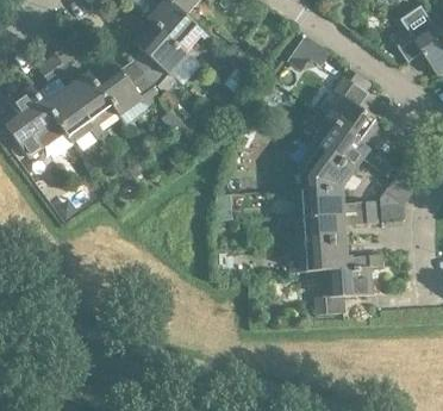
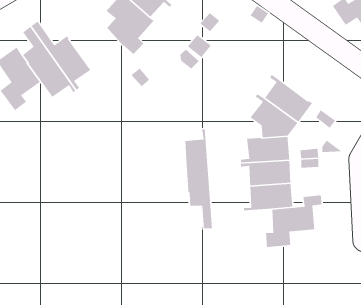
building: [86,51,161,124] -> none
building: [326,75,381,145] -> none
building: none -> [184,128,213,229]

